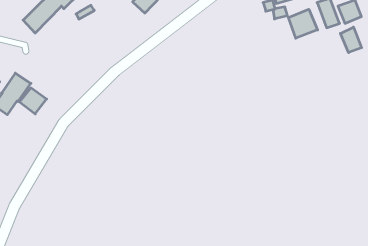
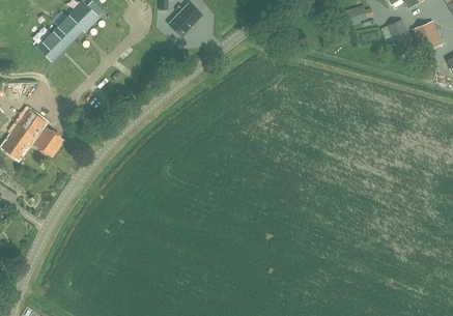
building: [288,9,318,38] -> none
building: [340,27,362,53] -> none

